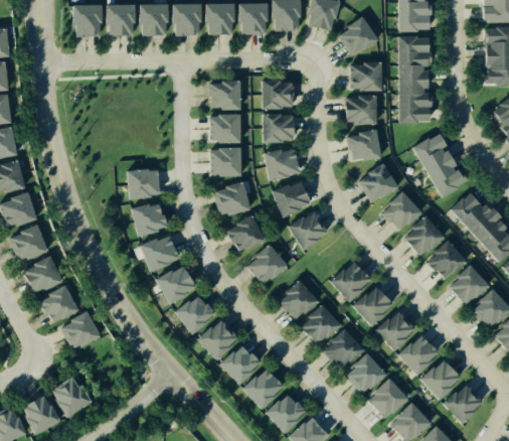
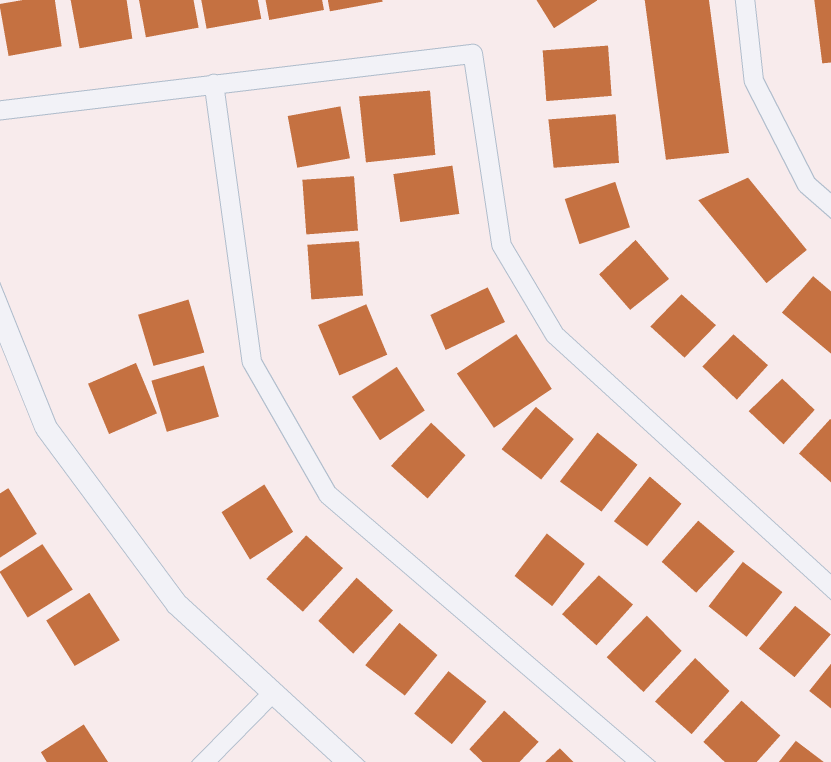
building: [266,148,302,180] -> none
building: [142,236,176,271] -> [87,362,158,435]
building: [279,281,317,319] -> [500,406,575,481]

